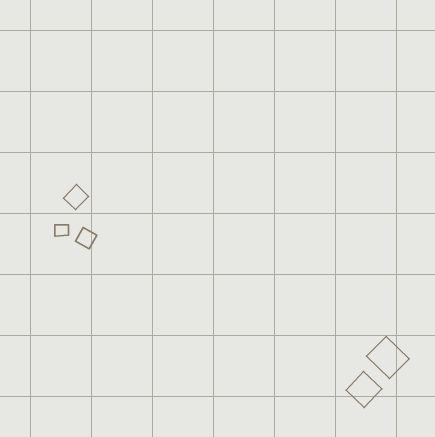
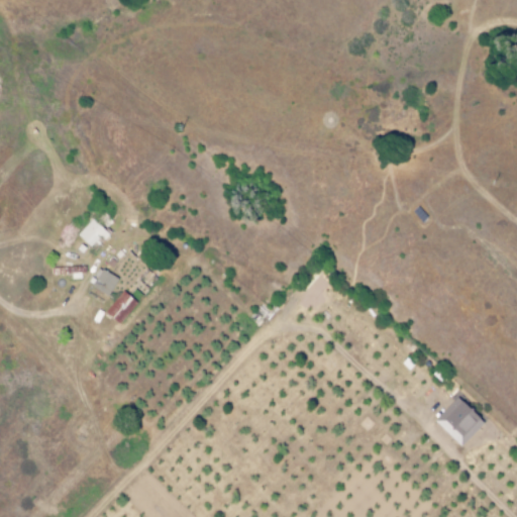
building: none -> [106,290,137,324]
building: [346,371,382,408] -> none

